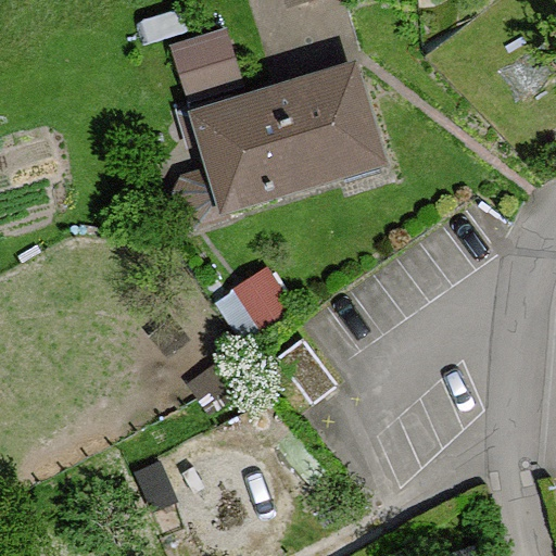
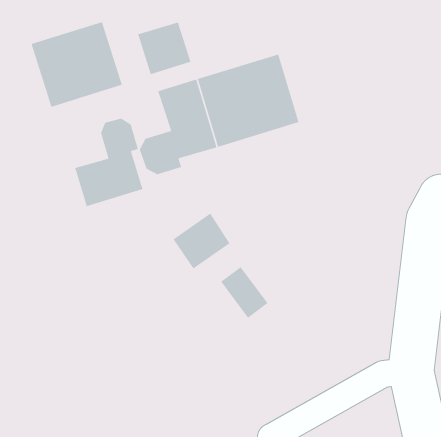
building: none -> [30,21,123,108]
building: none -> [74,118,144,207]

